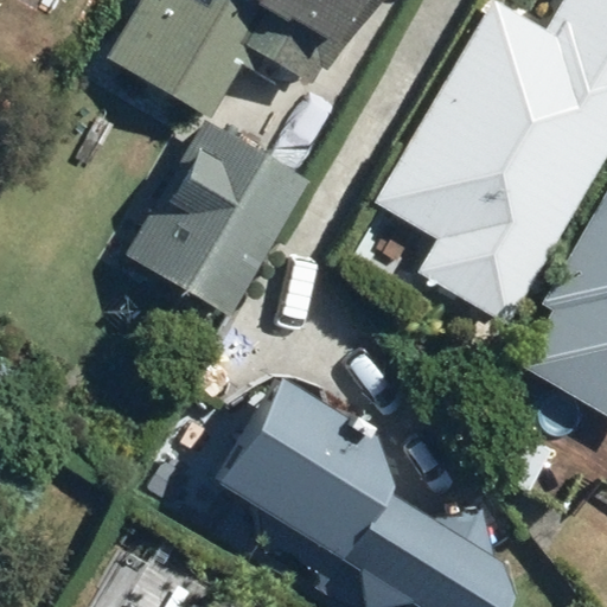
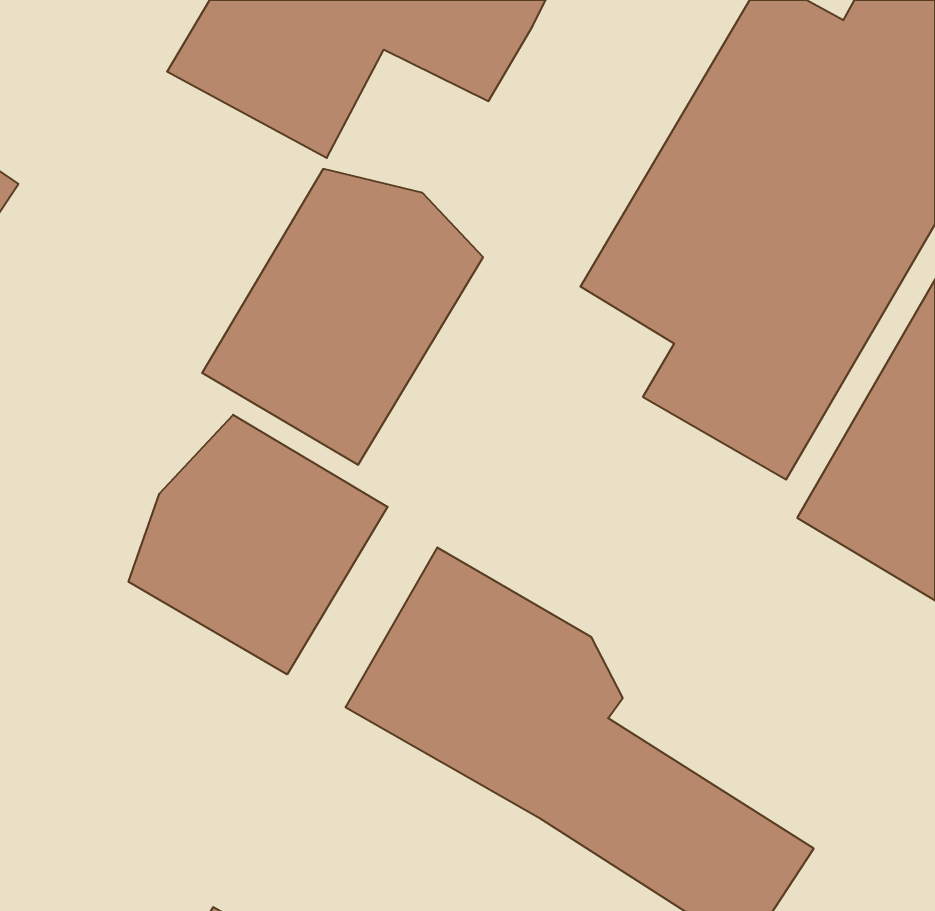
building: none -> [129,415,388,674]

